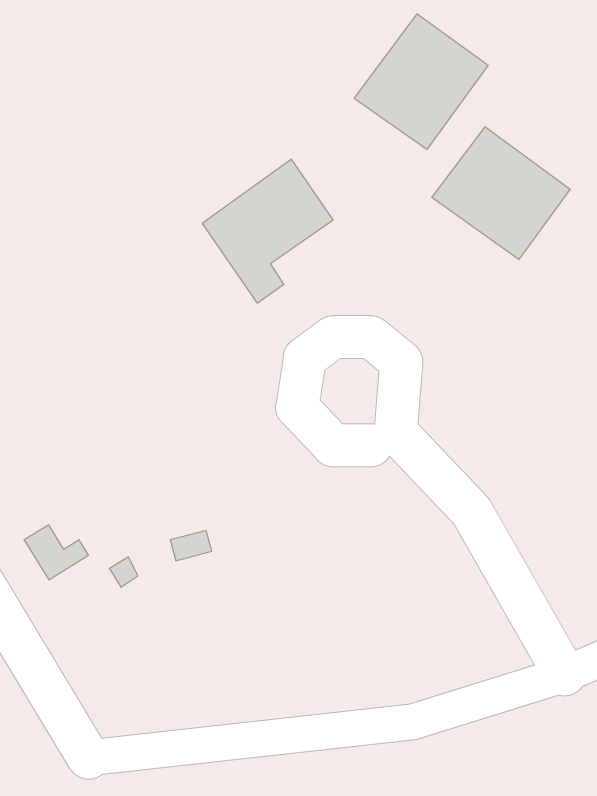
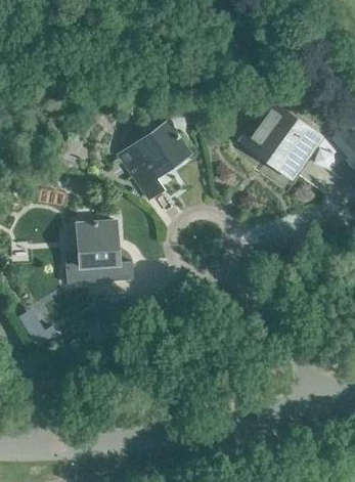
building: [354,14,488,150] -> none
building: none -> [65,220,135,283]

